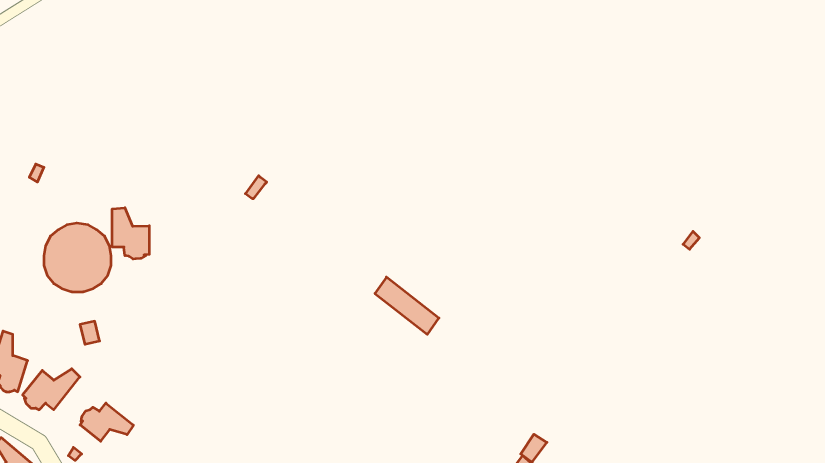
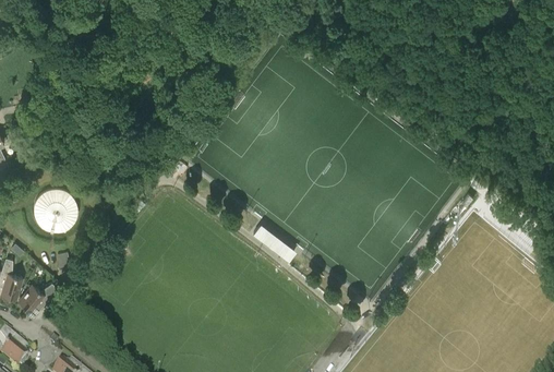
building: [112,208,149,259] -> none
building: [80,403,133,441] -> none

